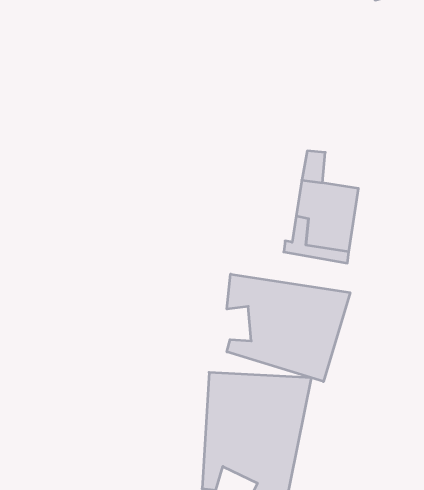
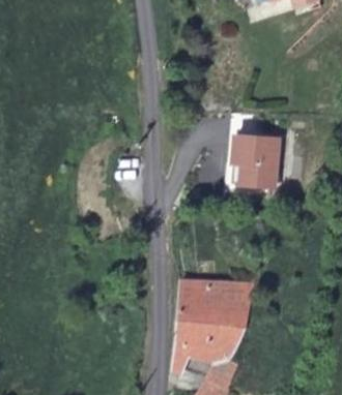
building: [227,274,350,382] -> none

